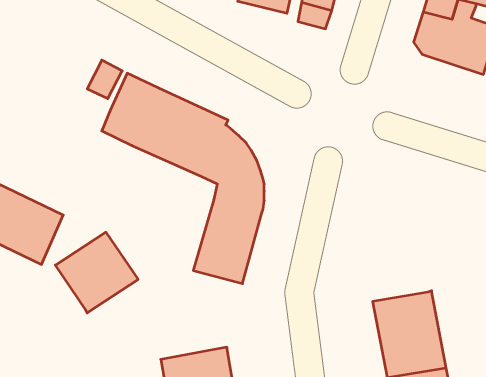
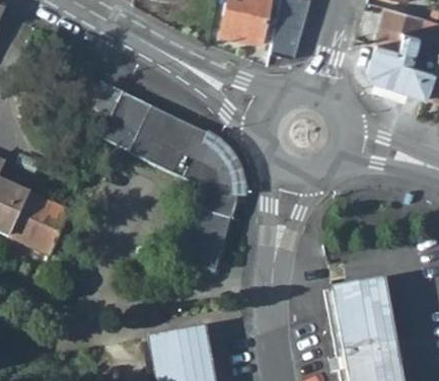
building: [55,232,138,313] -> none

